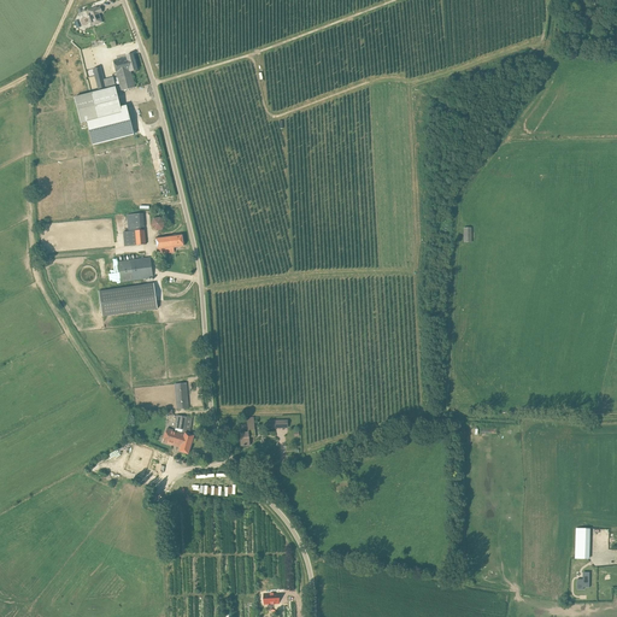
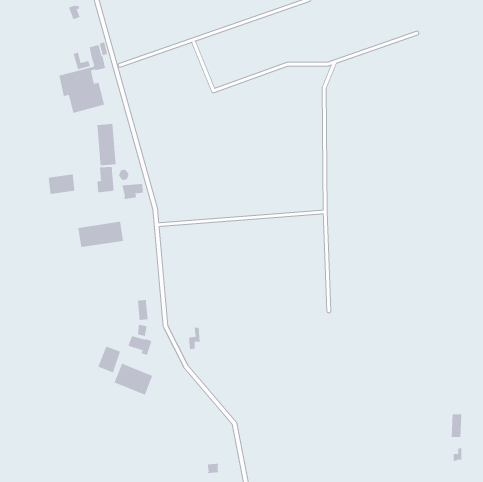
building: none -> [97,123,116,166]
building: [118,255,153,282] -> [48,174,75,195]
building: none -> [114,363,153,396]

